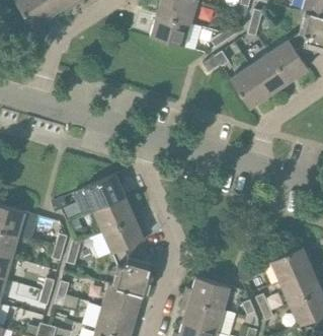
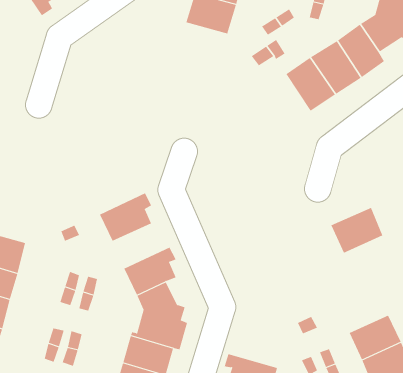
building: [93,196,139,231] -> none
building: [269,246,311,282] -> [331,207,383,254]
building: [184,277,231,310] -> none

